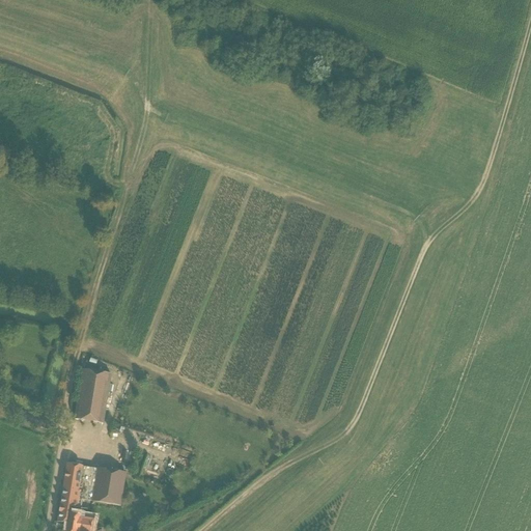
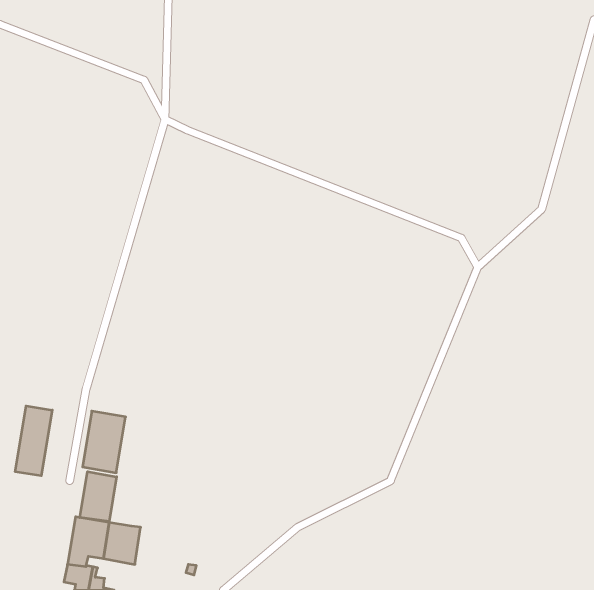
building: none -> [15,406,52,476]
building: none -> [80,472,117,521]

